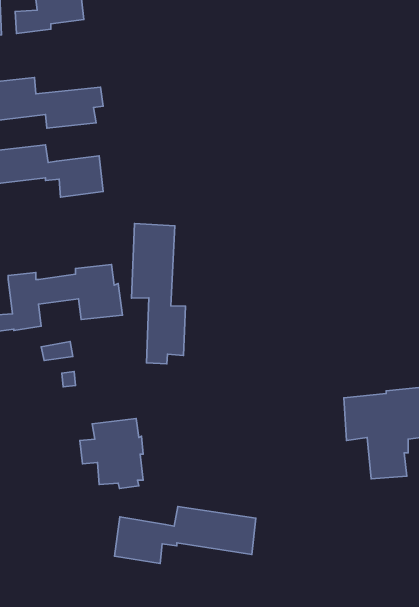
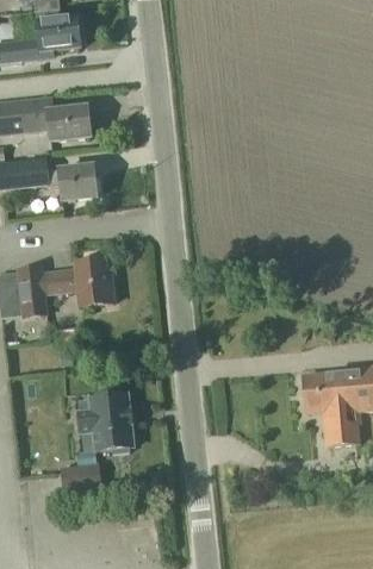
building: [132,224,185,364] -> none
building: none -> [60,464,98,489]
building: [114,507,256,564] -> none

